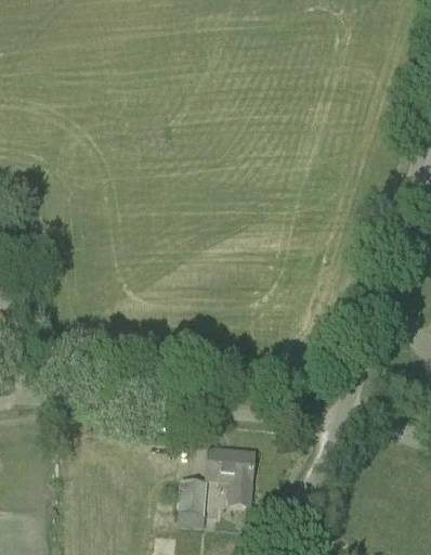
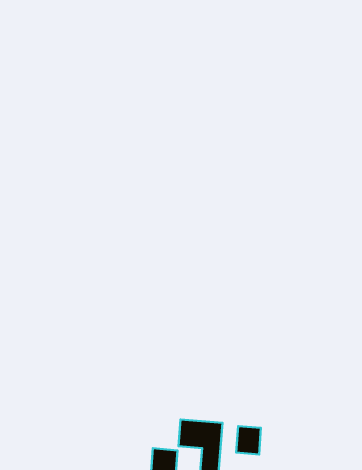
building: none -> [236,426,261,454]

